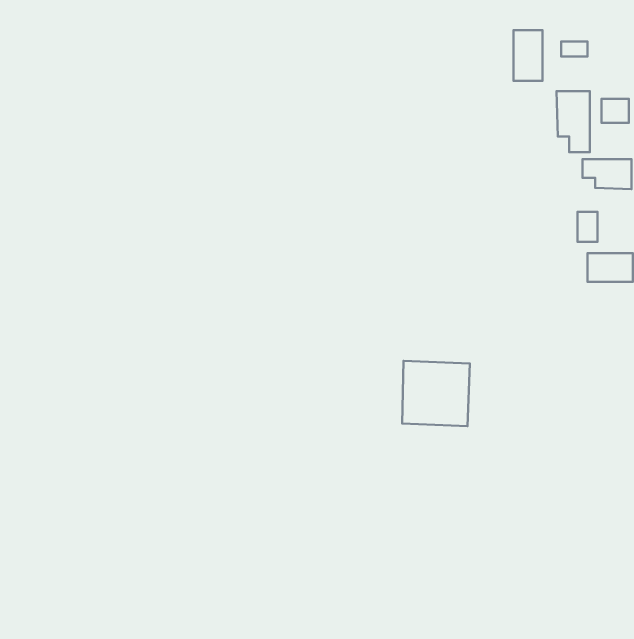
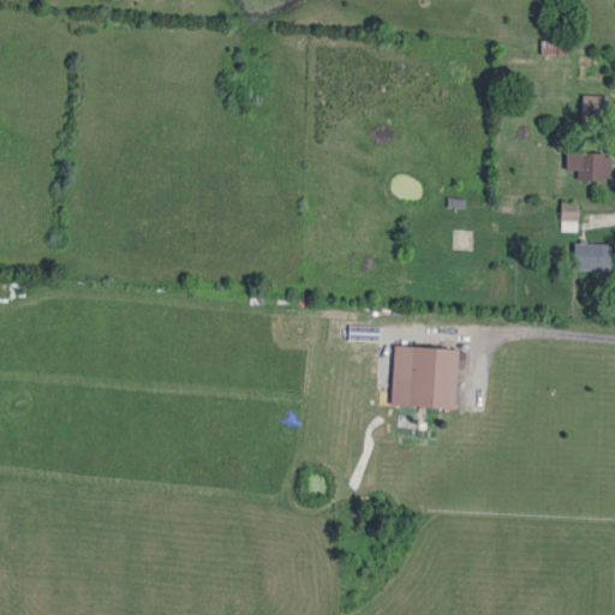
building: [514,30,542,81] -> none
building: [557,91,590,152] -> none

